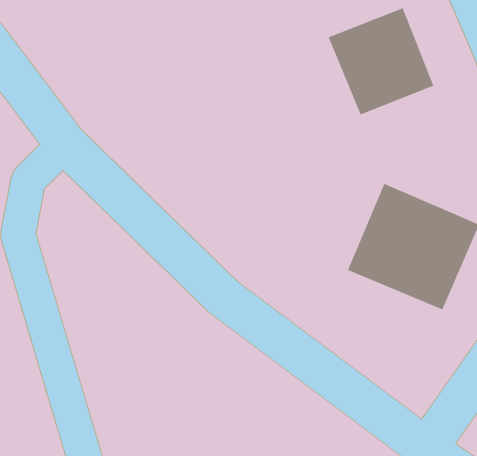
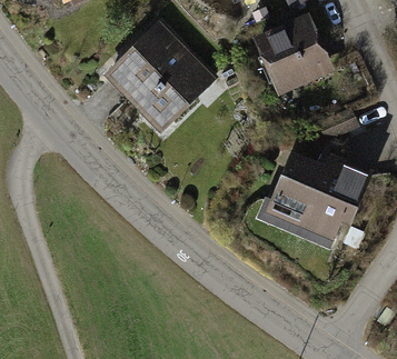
building: none -> [105,22,215,132]

